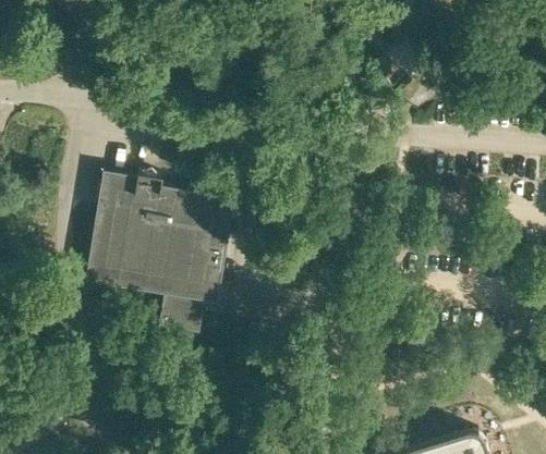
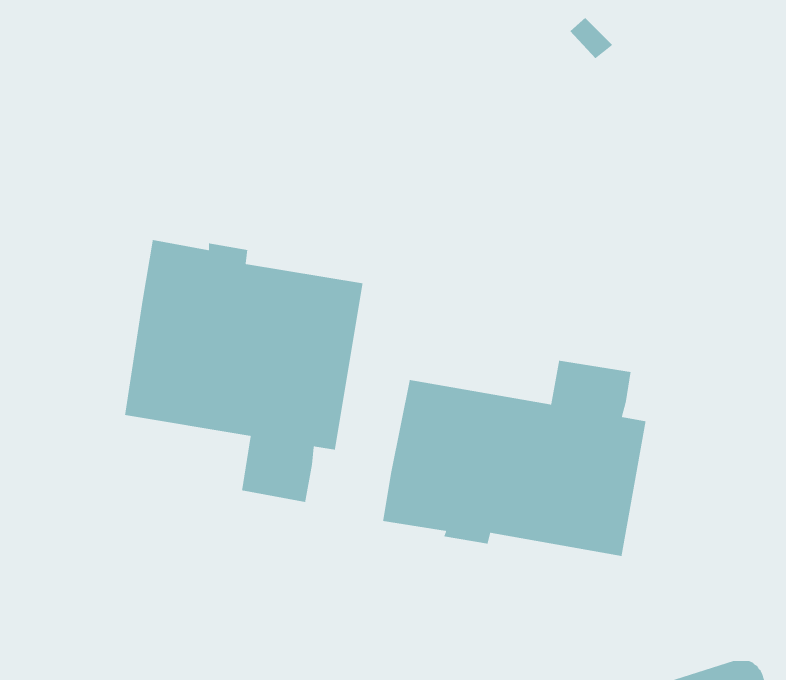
building: none -> [382,360,646,557]

